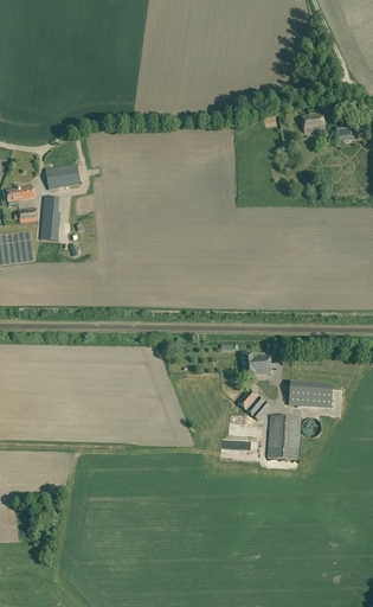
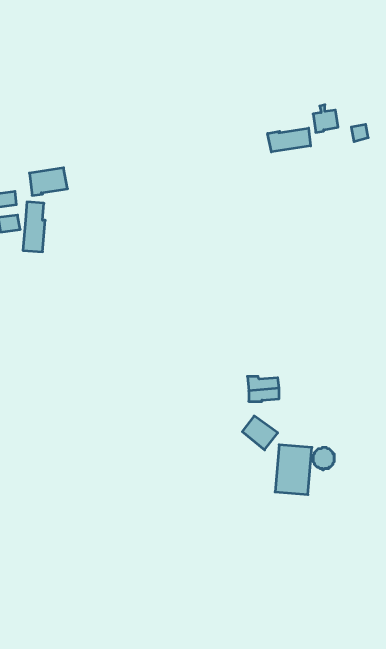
building: none -> [268,128,311,152]
building: [290,389,333,408] -> none

